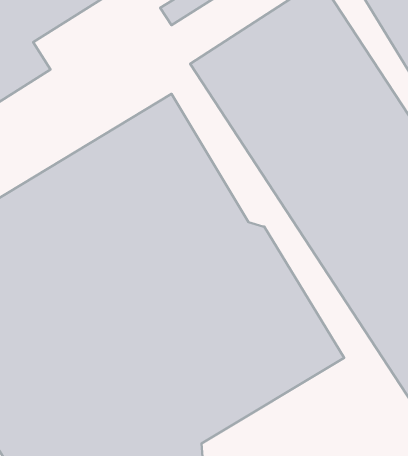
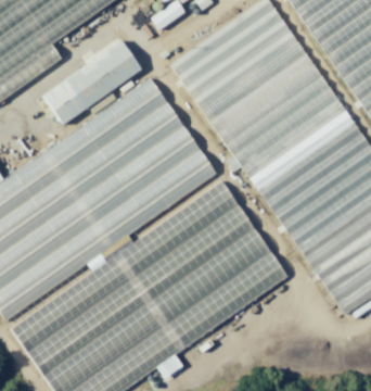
building: none -> [42,41,144,123]

